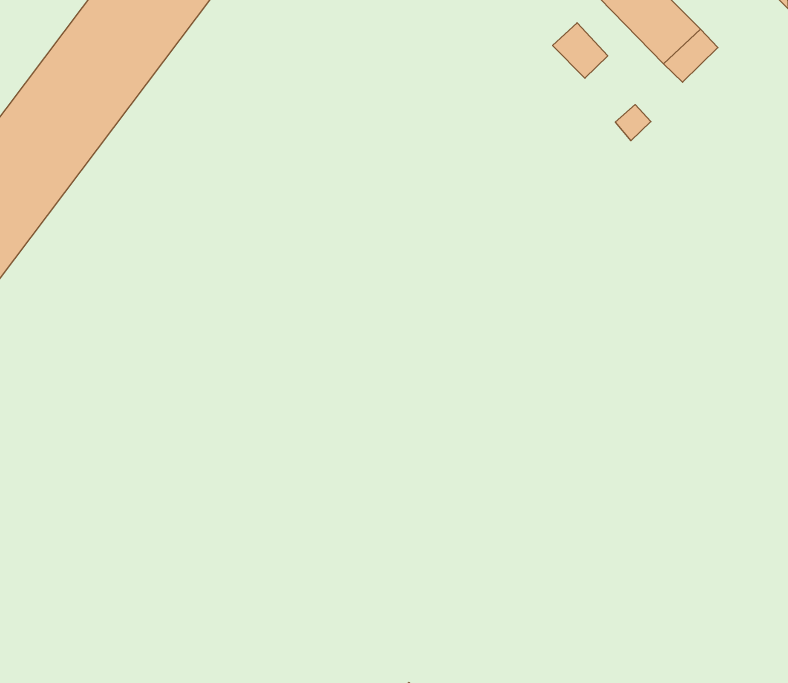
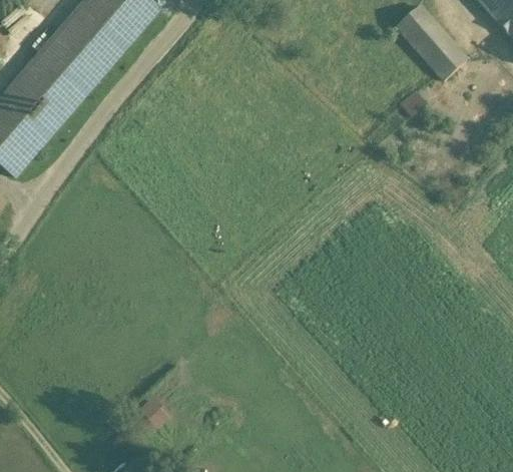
building: [553,23,608,78] -> none

